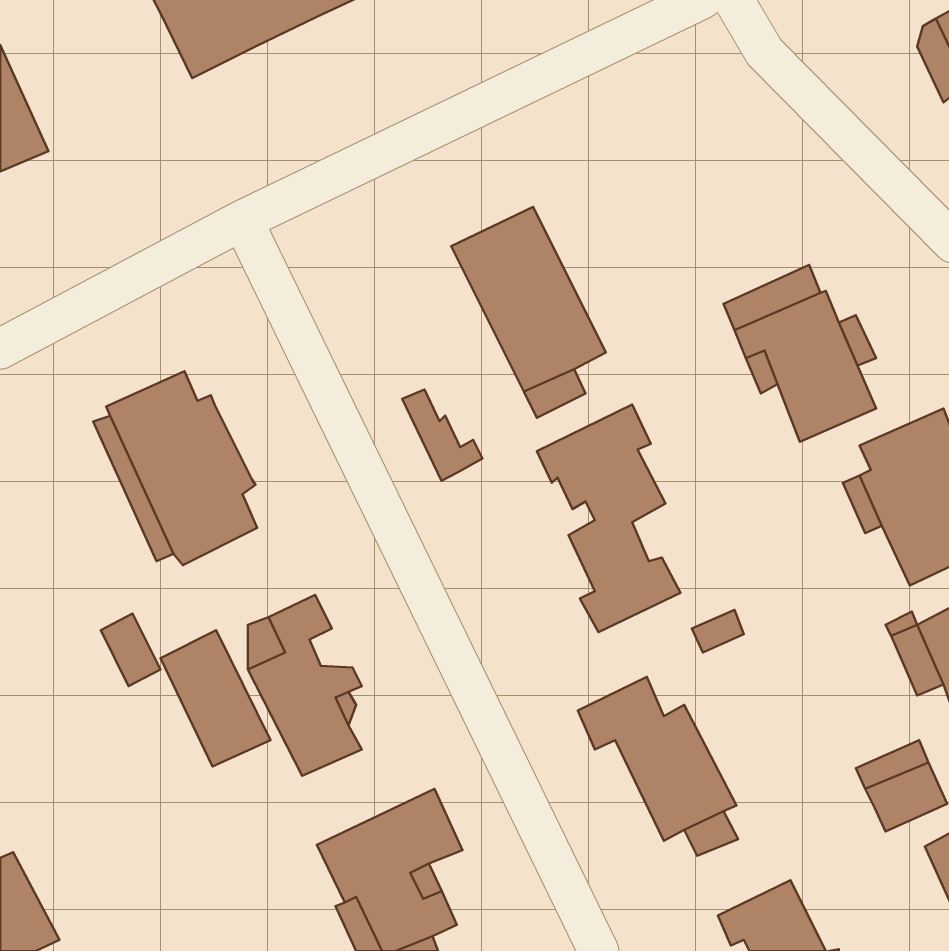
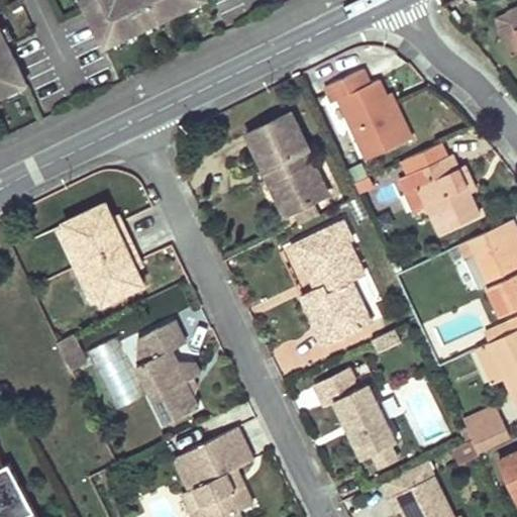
building: none -> [320,65,408,160]
building: [402,389,482,481] -> [281,244,324,294]

